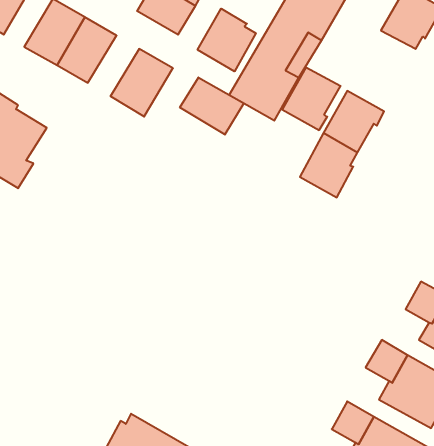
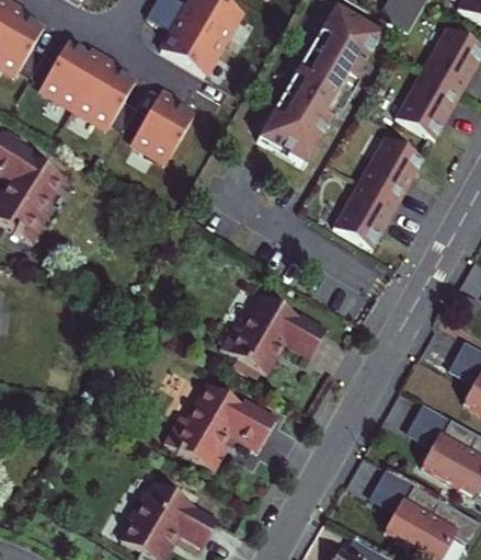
building: [198,9,256,71] -> none
building: [282,68,341,130] -> [396,71,458,138]
building: [180,77,244,135] -> none
building: none -> [221,295,327,374]
building: none -> [163,384,275,470]

